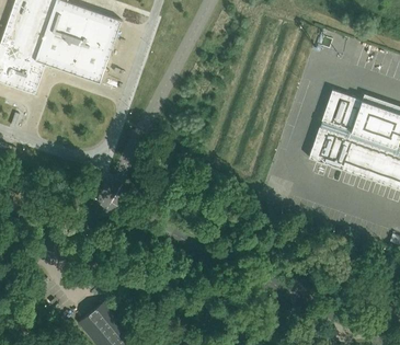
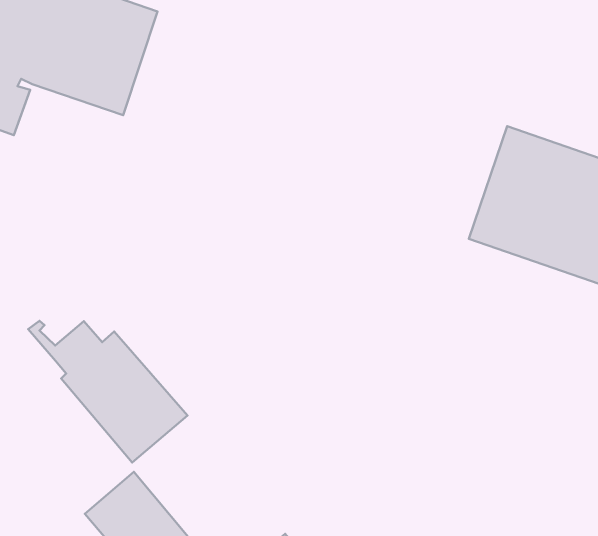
building: none -> [28,321,187,462]

